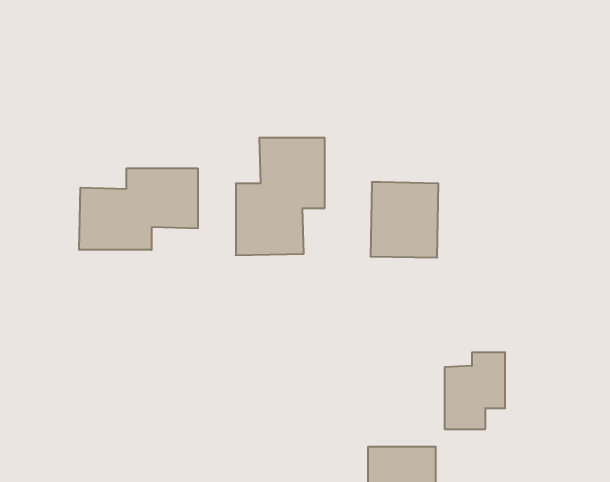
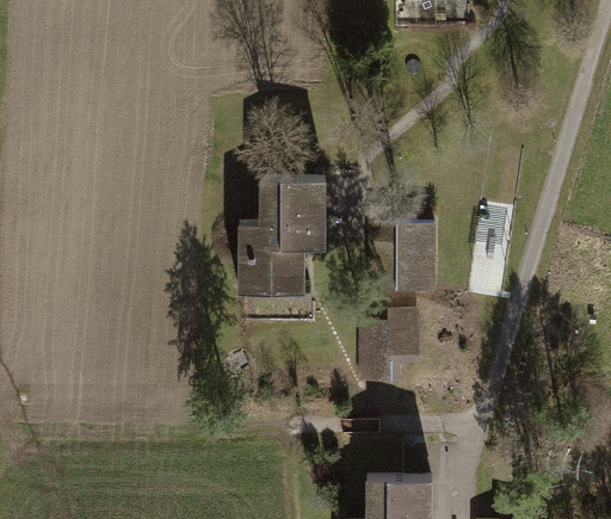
building: [79,168,198,250] -> none
building: [445,352,505,429] -> [359,308,418,382]

